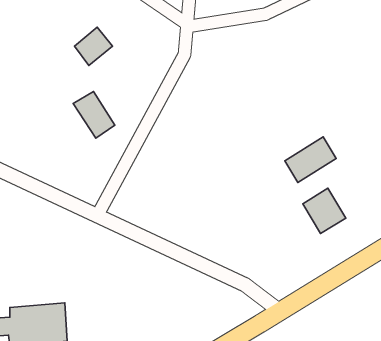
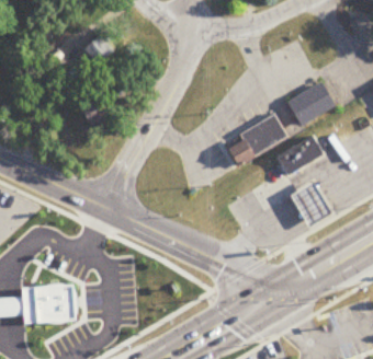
building: none -> [287,82,336,126]
building: none -> [228,115,287,166]

